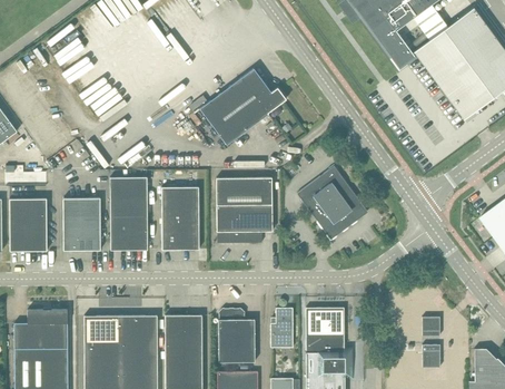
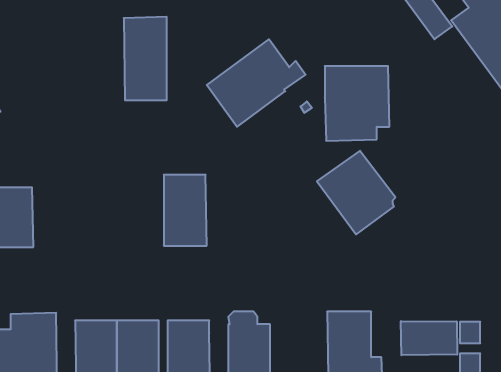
building: [109,176,147,250] -> [124,17,167,100]
building: [216,177,273,243] -> [325,66,389,141]
building: [63,197,100,251] -> none
building: [270,308,293,347] -> none
building: none -> [401,321,457,355]

